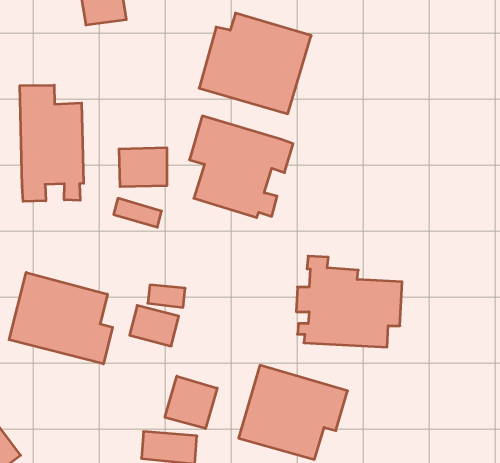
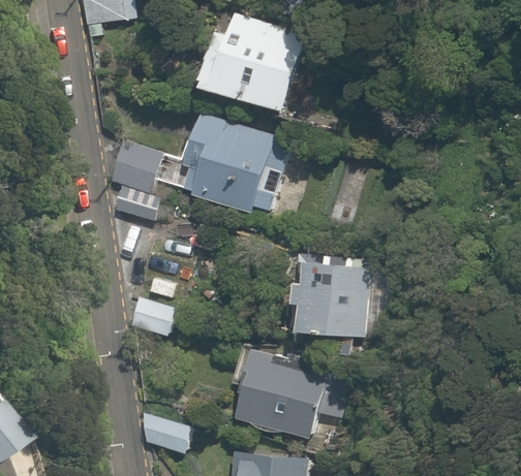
building: [20,85,84,201] -> none
building: [9,272,113,364] -> none
building: [165,376,217,429] -> none

